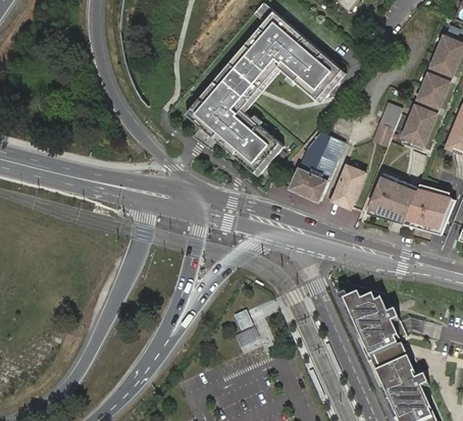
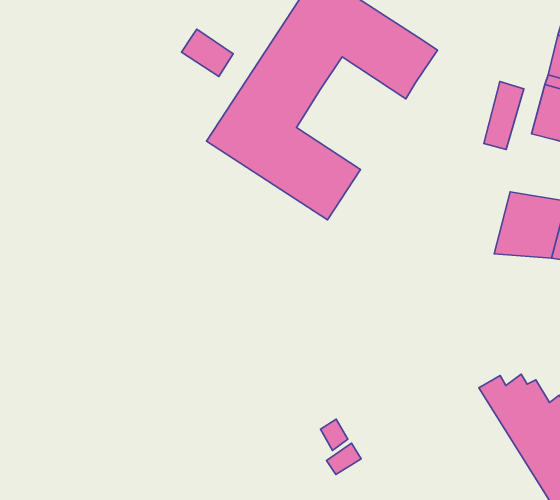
building: none -> [181,29,233,77]
building: [290,130,345,199] -> none
building: [331,162,365,206] -> none

